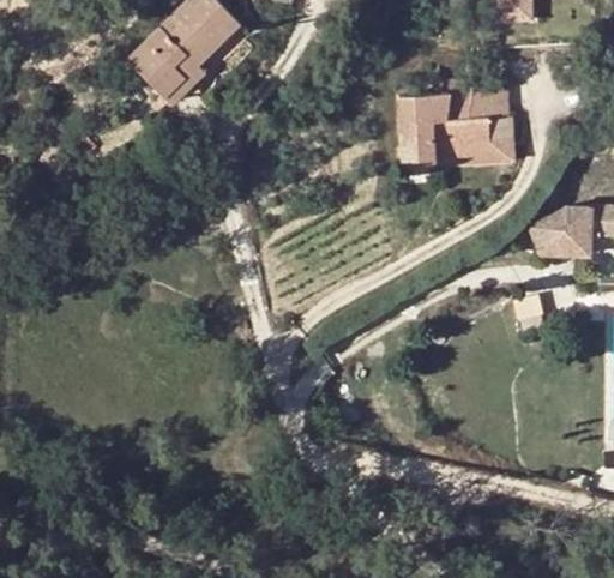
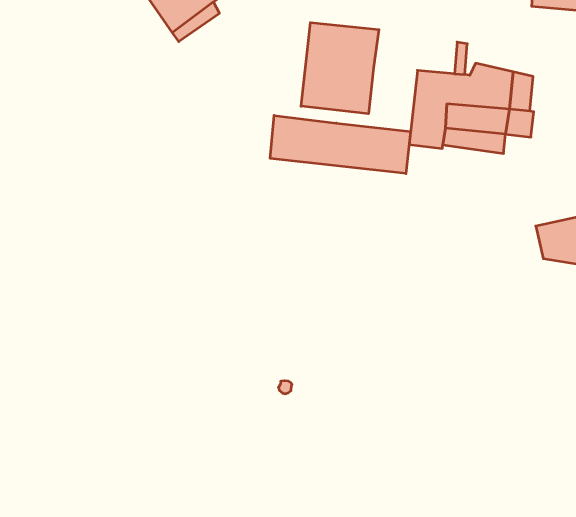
building: none -> [301,23,379,114]
building: none -> [270,115,411,174]

